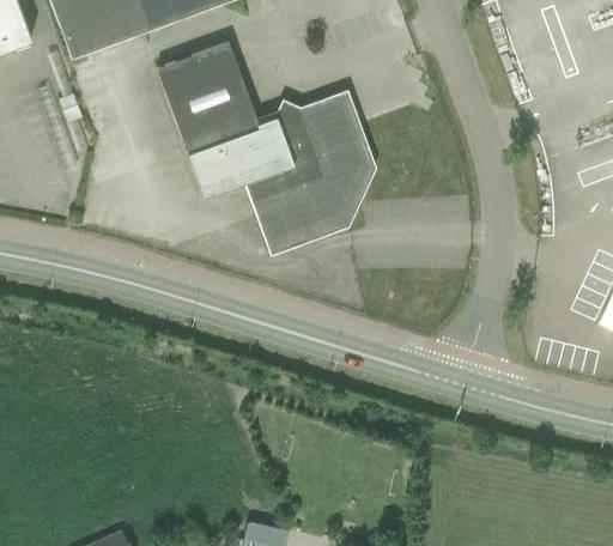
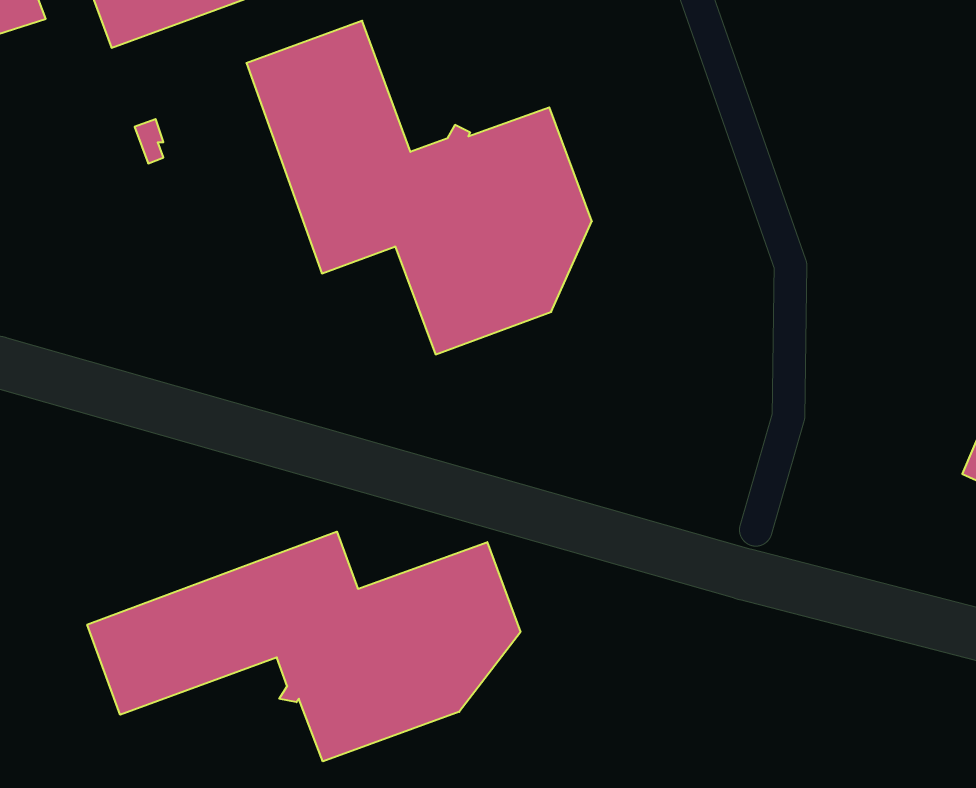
building: none -> [87,532,520,761]

